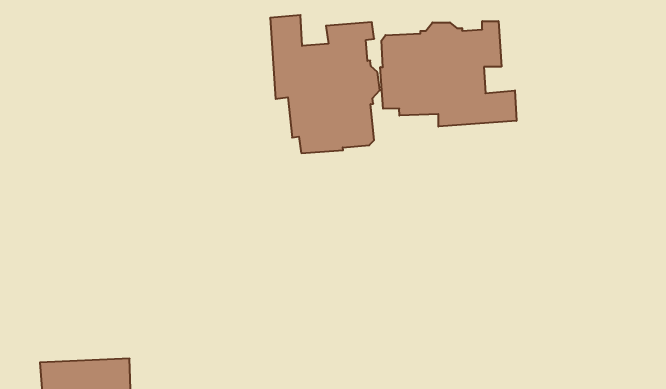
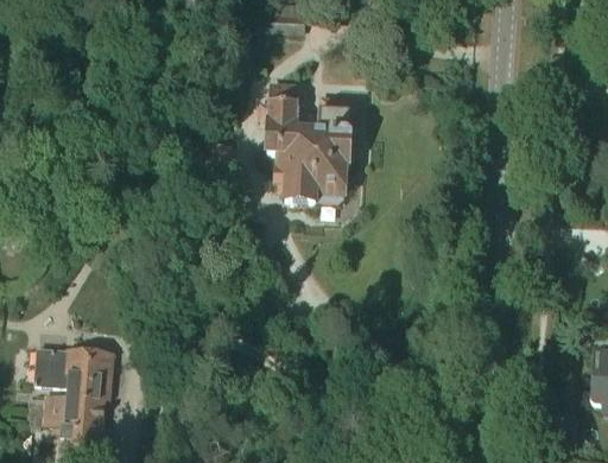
building: [380,21,516,127] -> none

